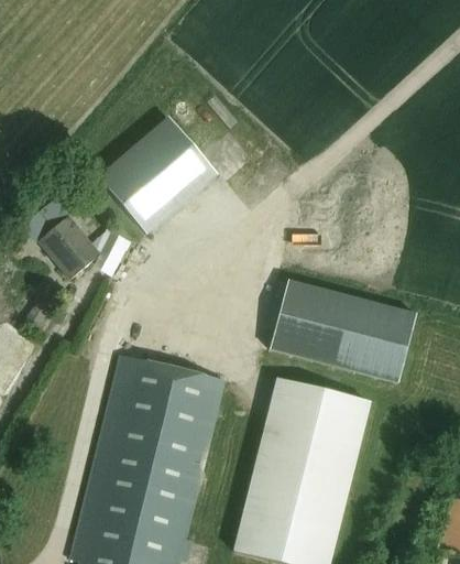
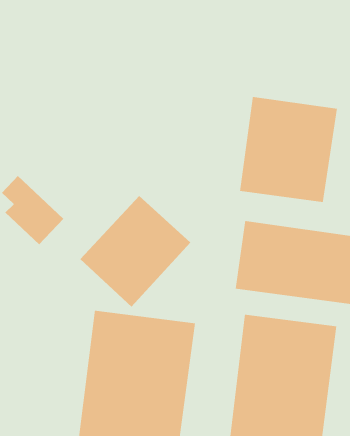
building: [98,117,217,234] -> [80,195,191,308]
building: none -> [239,96,338,203]

